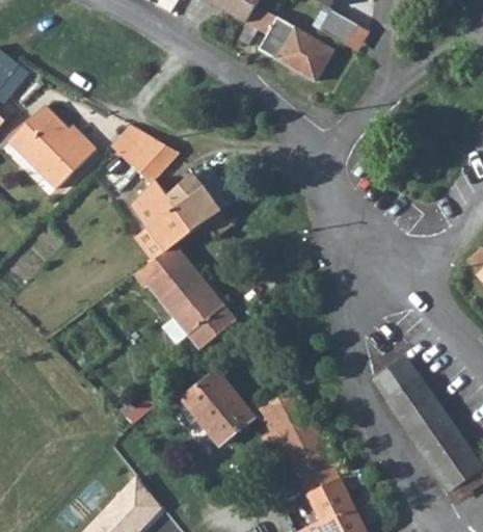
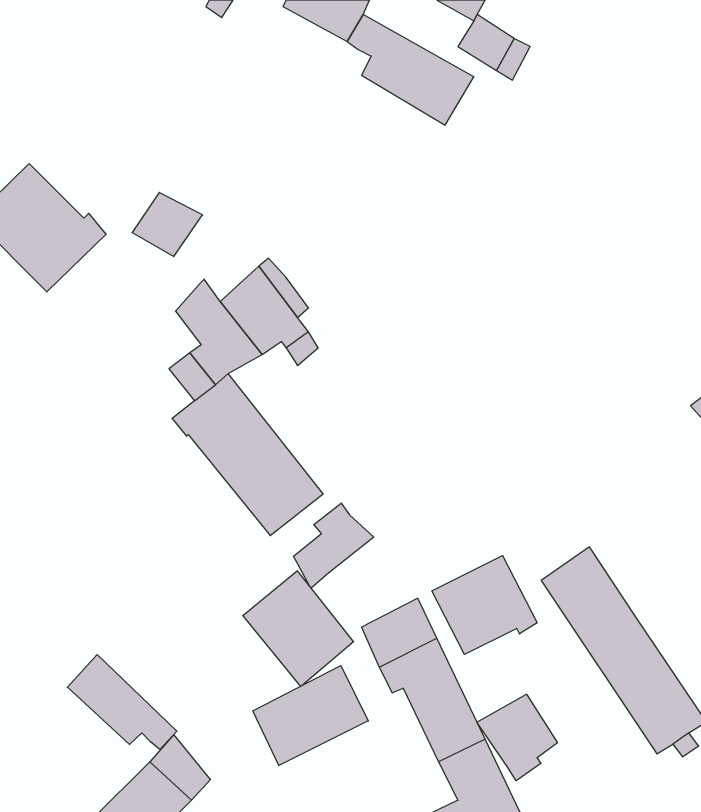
building: [134,139,178,183] -> none
building: none -> [294,503,374,588]
building: none -> [432,556,537,654]
building: none -> [67,655,177,749]
building: none -> [253,666,368,766]
building: none -> [477,694,557,781]

